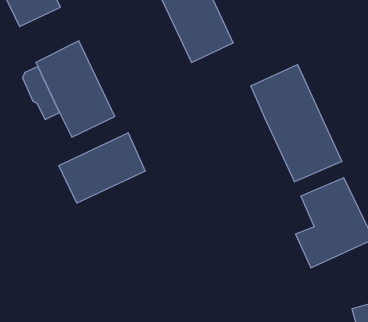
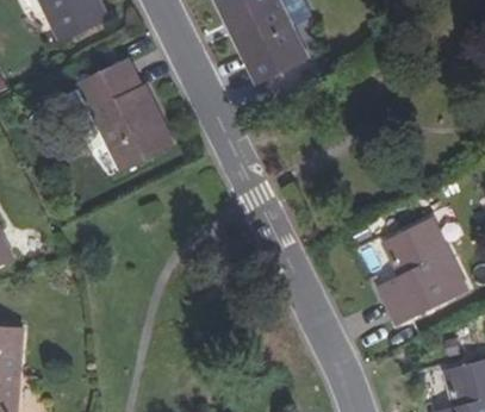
building: [251,65,342,182] -> none
building: [59,133,145,203] -> none

